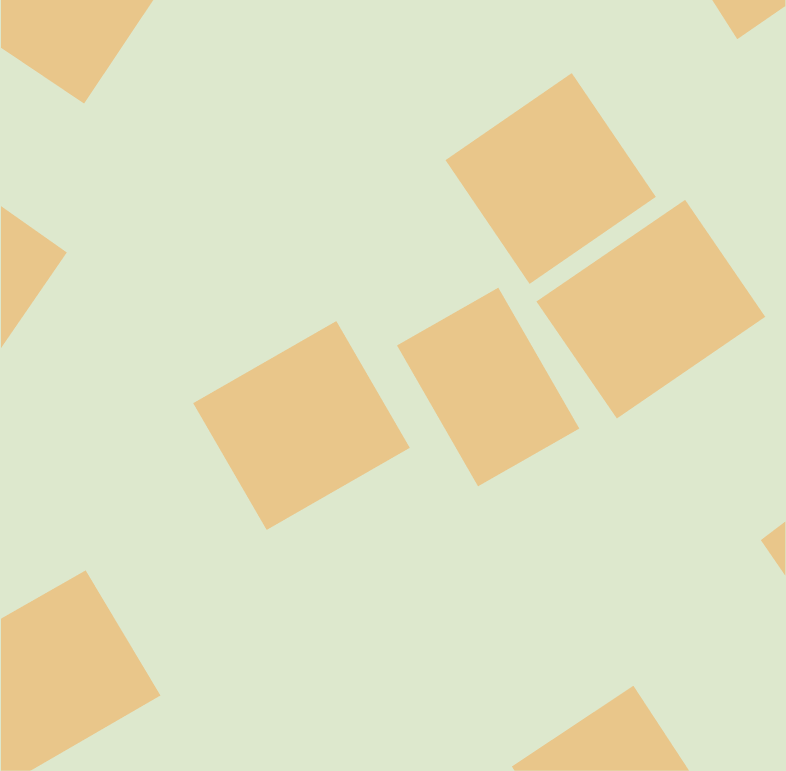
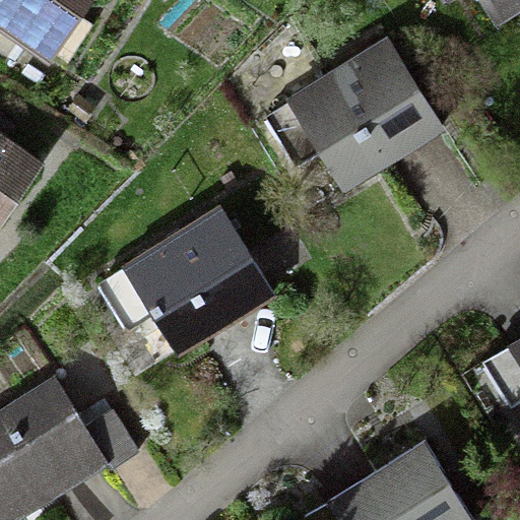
building: [536,199,766,419] -> none
building: [396,287,580,487] -> none

